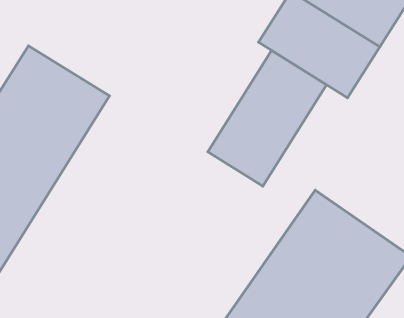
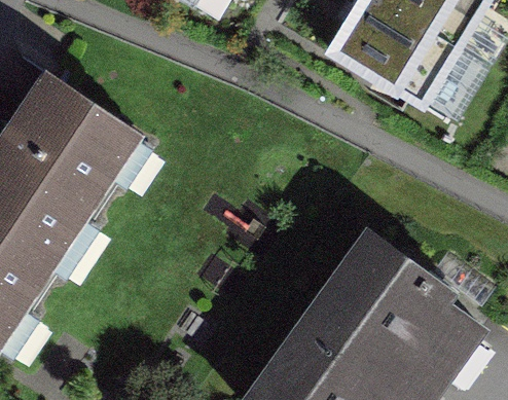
building: [208,51,326,186] -> none

